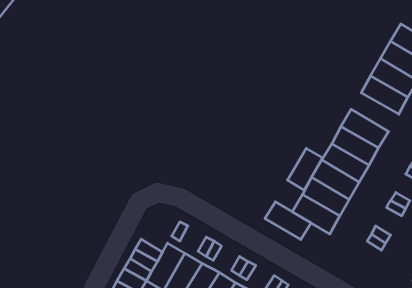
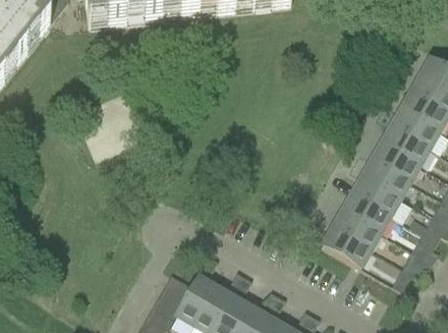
building: none -> [382,122,430,161]
building: [287,148,322,190] -> none
building: [265,202,311,240] -> none

